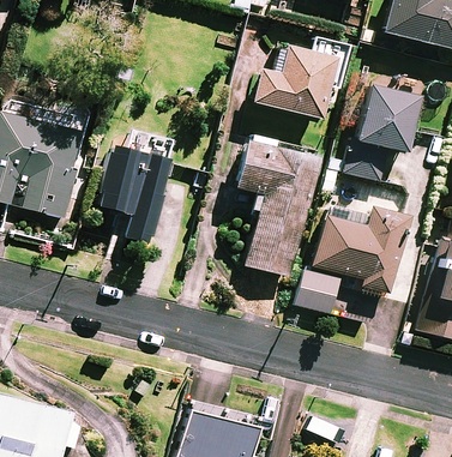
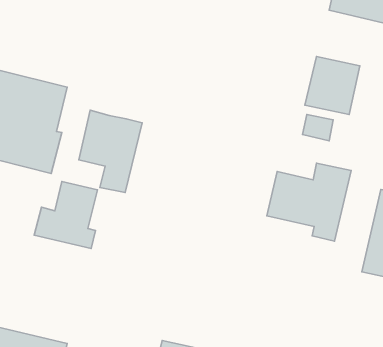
building: [252,42,333,118] -> none
building: [235,140,315,275] -> none
building: none -> [34,182,98,249]
building: [297,271,340,313] -> none

